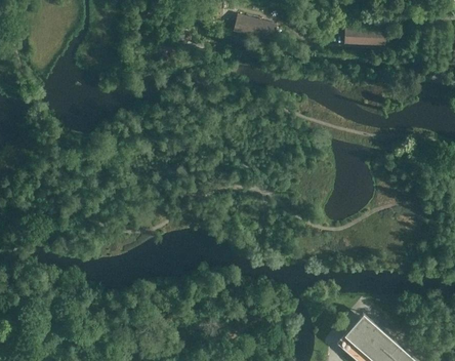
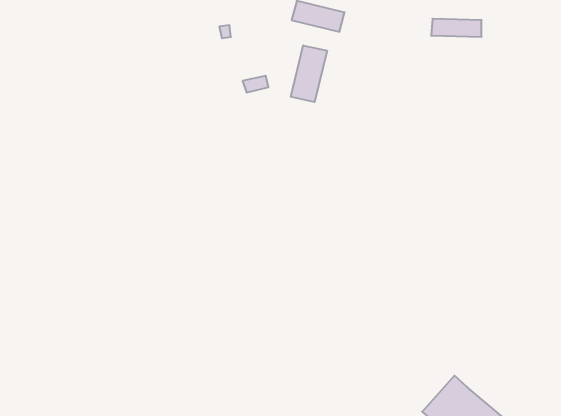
building: none -> [291,45,327,102]

